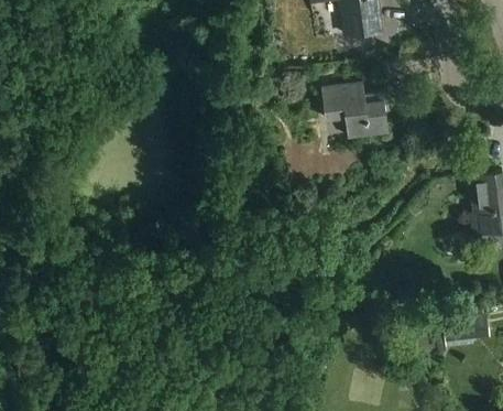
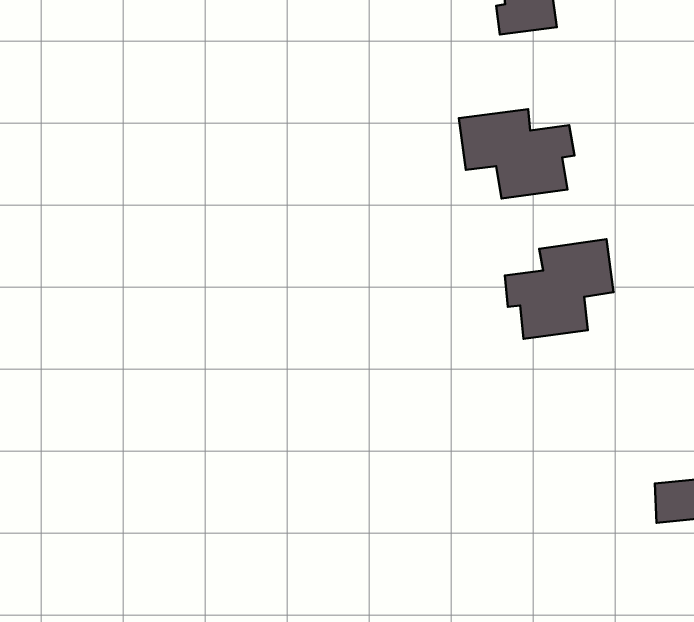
building: none -> [505,239,614,339]

